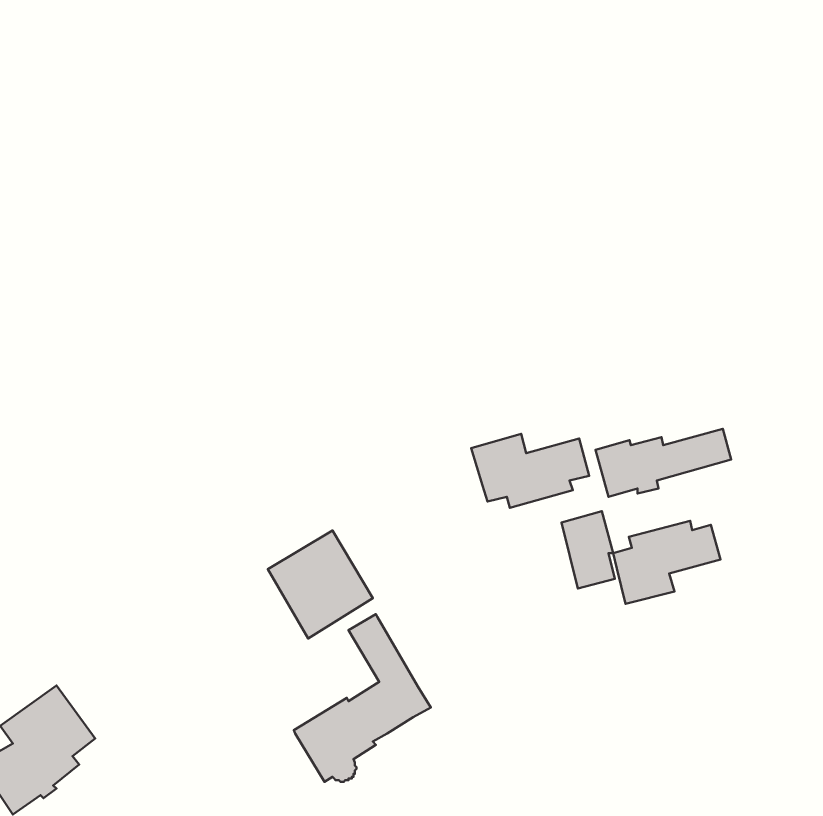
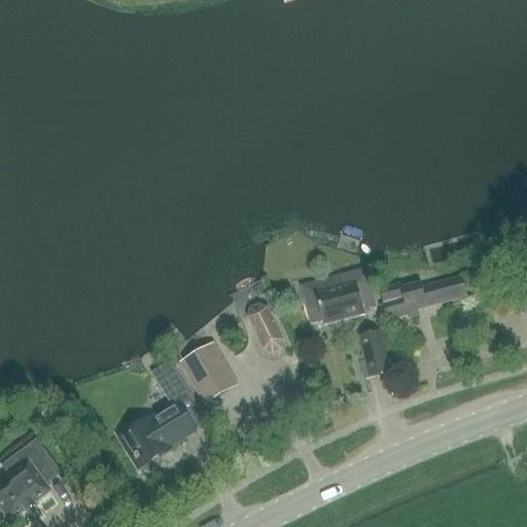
building: none -> [247,304,285,352]
building: [613,521,721,604] -> none
building: [294,614,431,782] -> [117,361,205,468]

